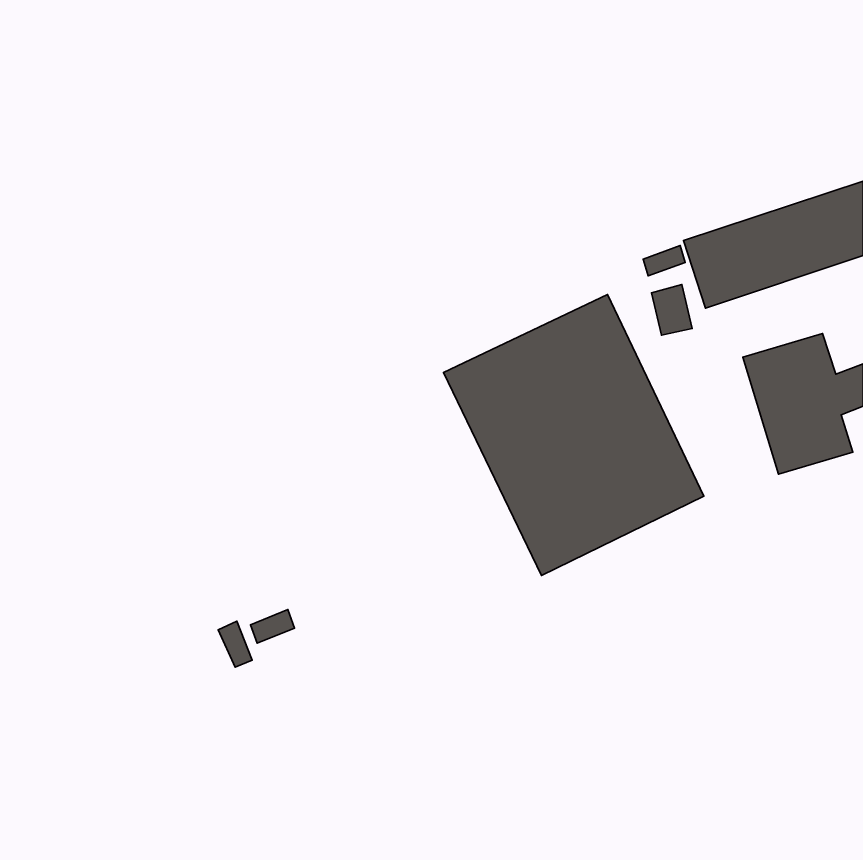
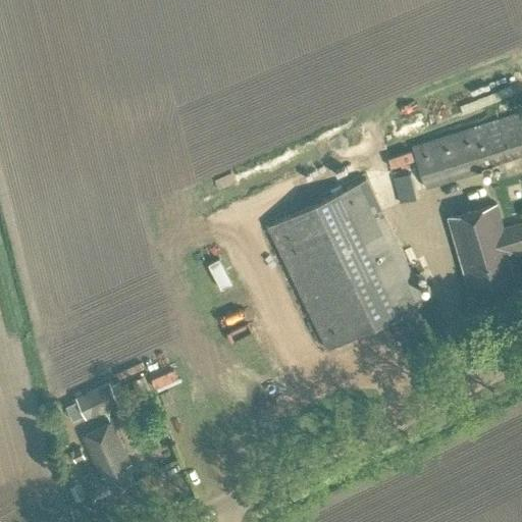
building: none -> [75,383,118,420]
building: none -> [84,422,134,489]

